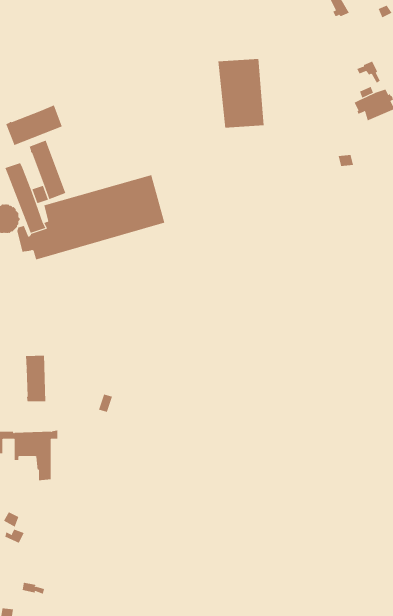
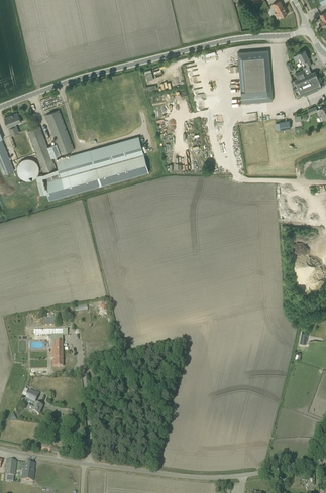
building: [218,59,264,128] -> [237,50,273,103]
building: [6,105,63,146] -> none
building: [26,355,46,402] -> none

